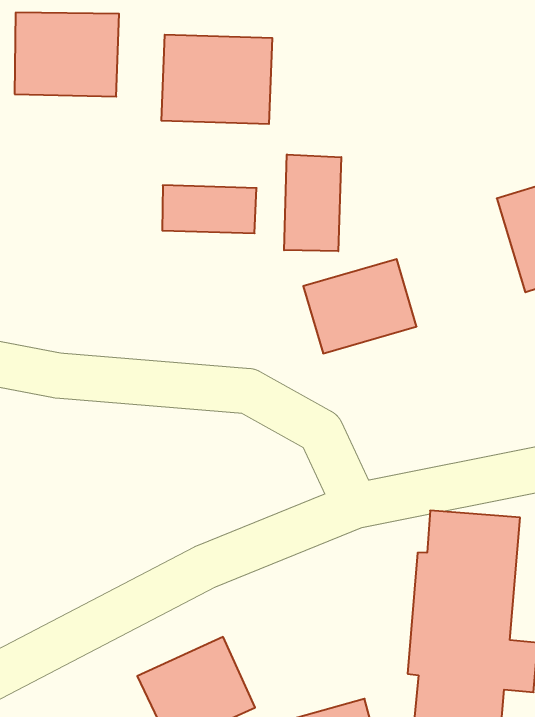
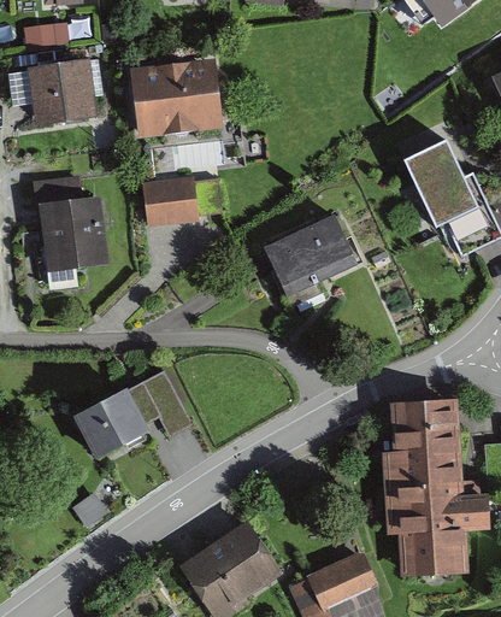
building: [284,154,341,251] -> none
building: none -> [36,175,104,286]
building: none -> [71,370,196,462]

